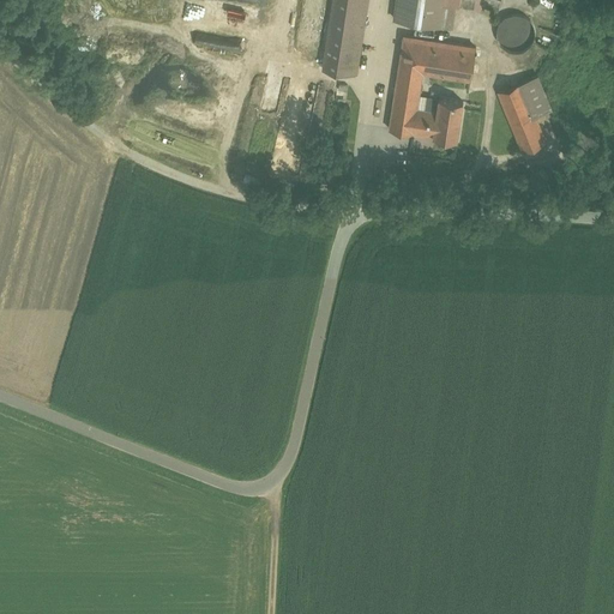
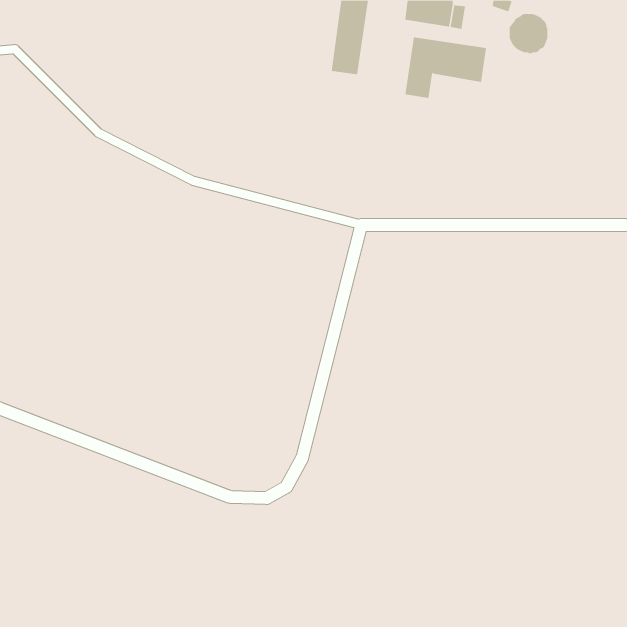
building: [498,77,549,154] -> none
building: [389,94,462,142] -> none

